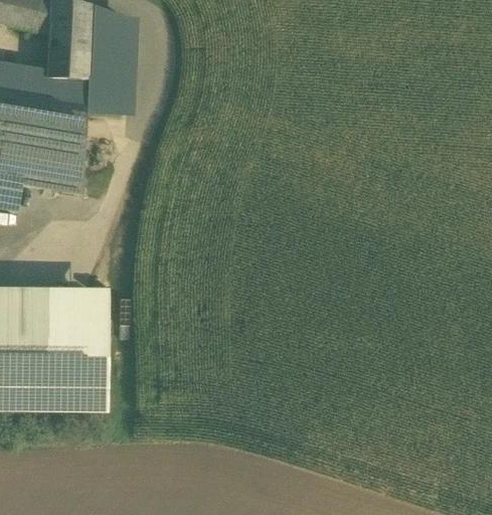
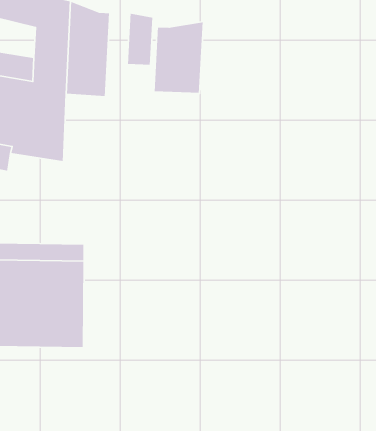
building: none -> [127,13,153,65]
building: none -> [154,21,204,94]

